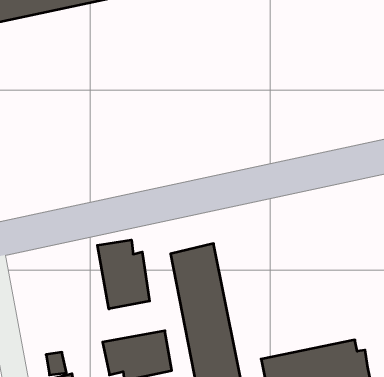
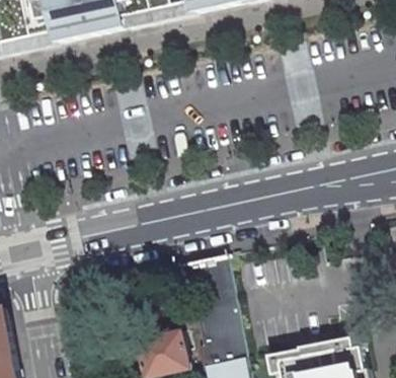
building: [97,240,150,309] -> none

